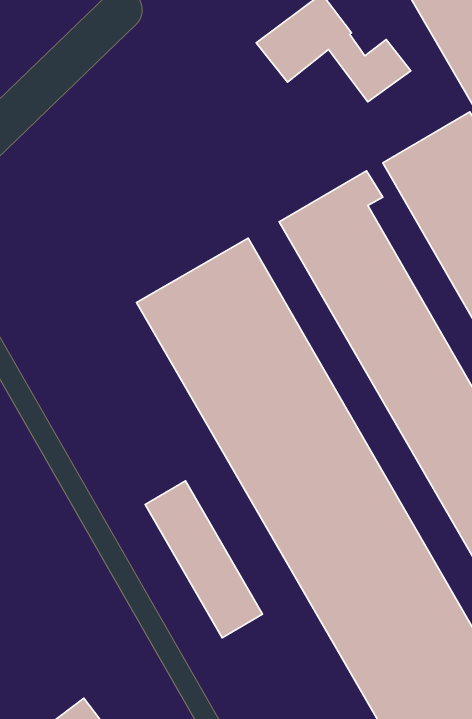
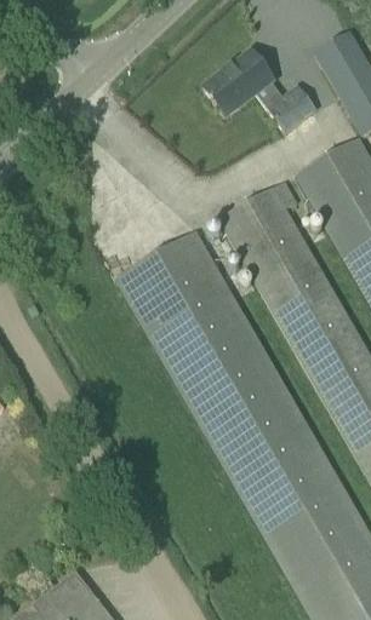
building: [145,481,262,638] -> none

